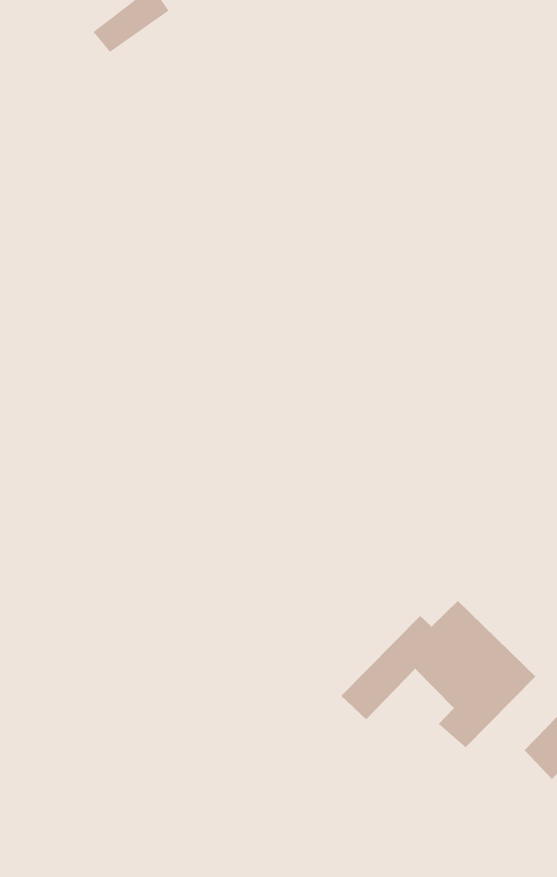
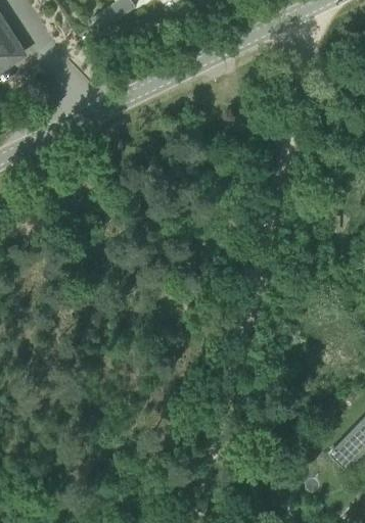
building: [341,600,536,748] -> none

